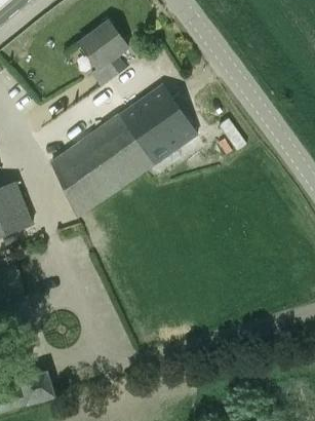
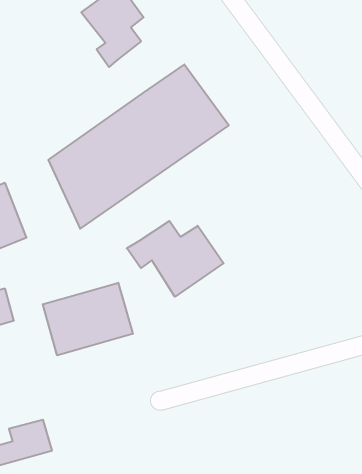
building: none -> [127,221,224,297]
building: none -> [43,283,133,355]

